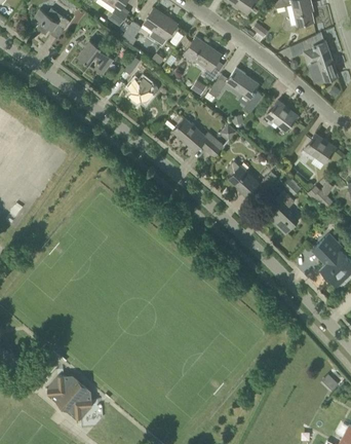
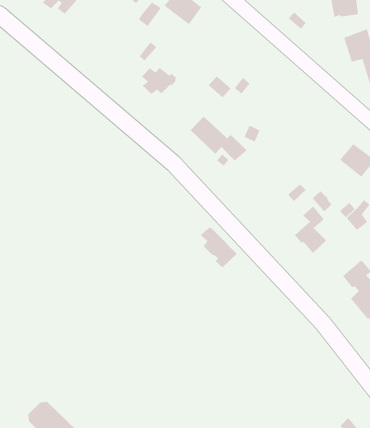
building: [185,37,223,81] -> none
building: [77,40,113,74] -> none
building: [226,68,262,104] -> none
building: [266,101,298,131] -> none
building: [226,161,260,197] -> [200,226,237,268]

